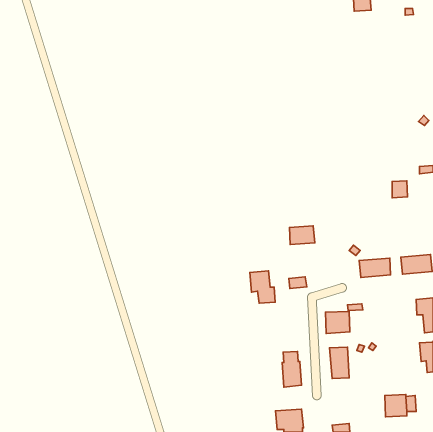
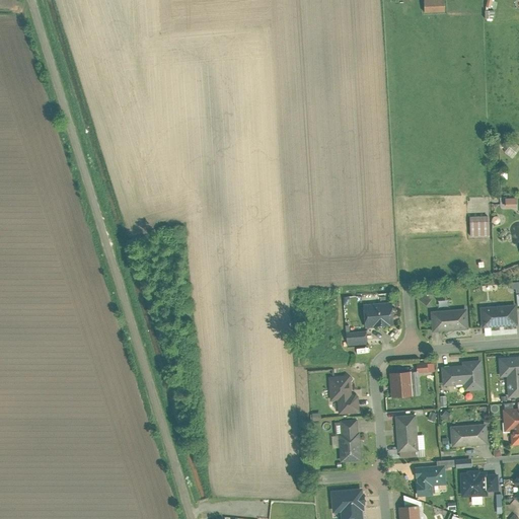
building: [289,226,315,244] -> [363,305,393,327]
building: [250,271,275,303] -> [327,375,358,414]
building: none -> [441,360,483,391]
building: none -> [449,424,488,447]
building: none -> [414,459,453,497]

